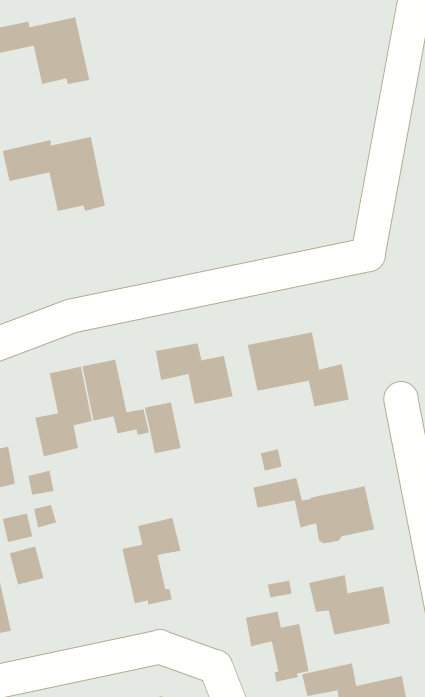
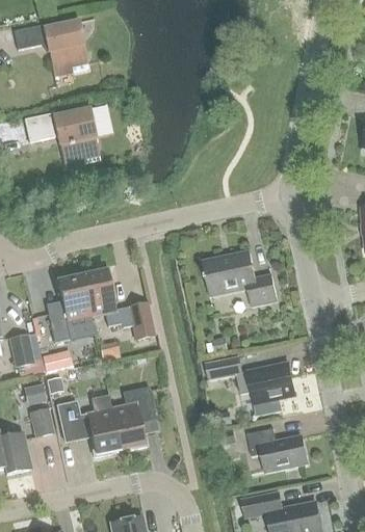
building: [155,343,233,405] -> none
building: none -> [56,400,120,456]
building: [245,611,310,682] -> none

